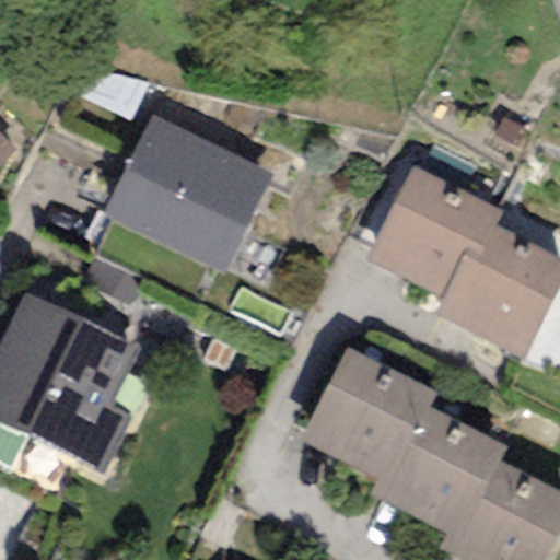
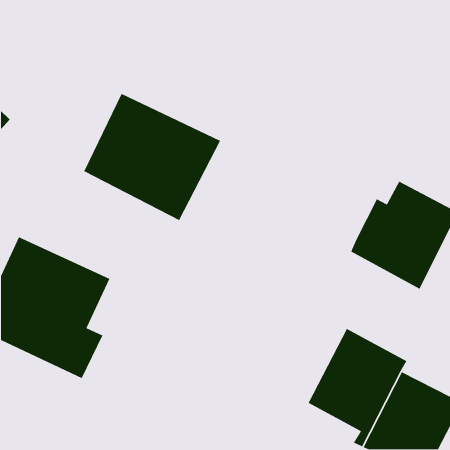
building: [366,164,503,296] -> none
building: [300,346,439,499] -> none

